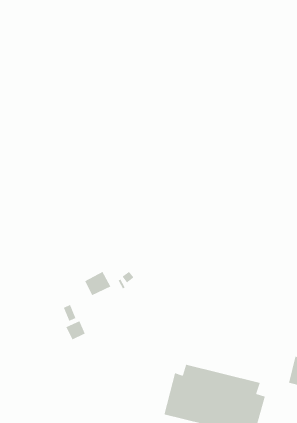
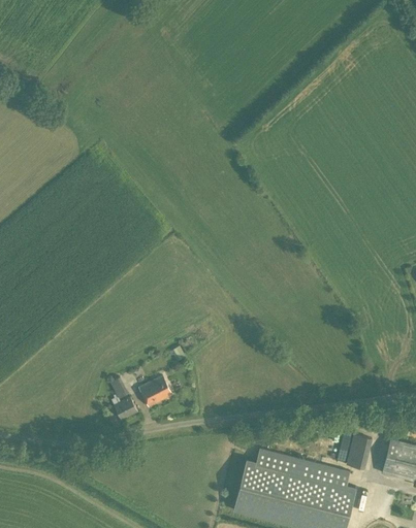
building: [84,271,111,296] -> [139,375,172,406]
building: none -> [346,434,372,469]

